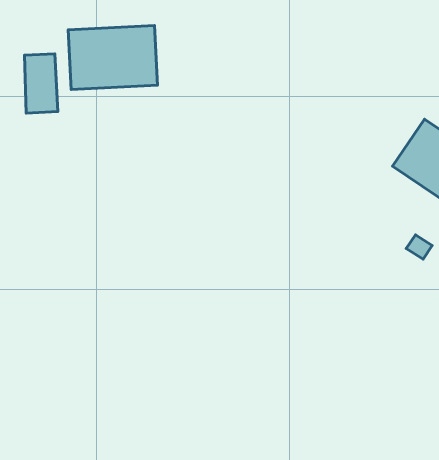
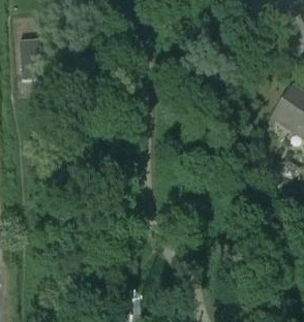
building: [68,26,158,89] -> none

